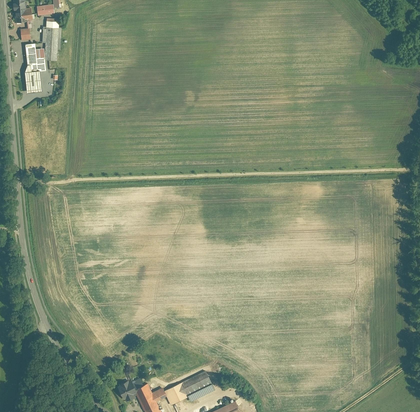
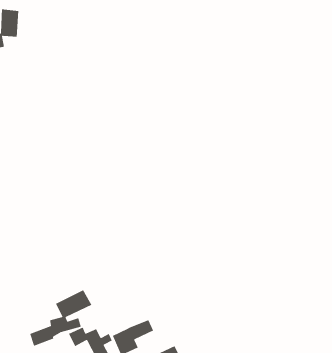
building: none -> [29,289,93,347]

